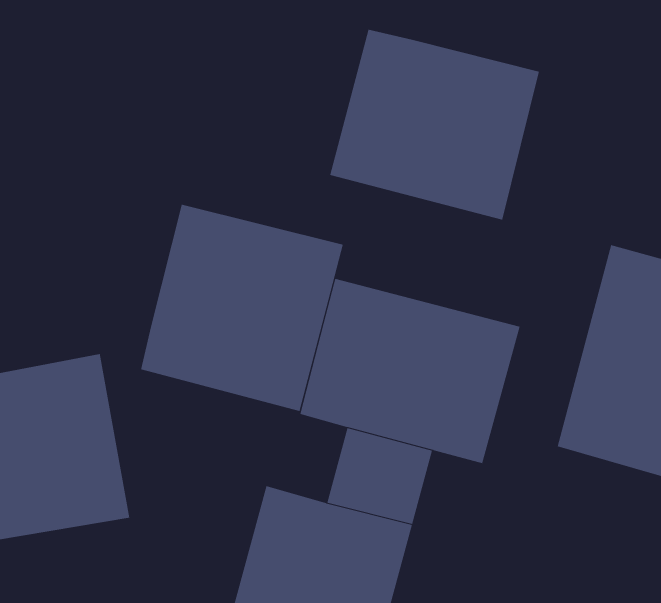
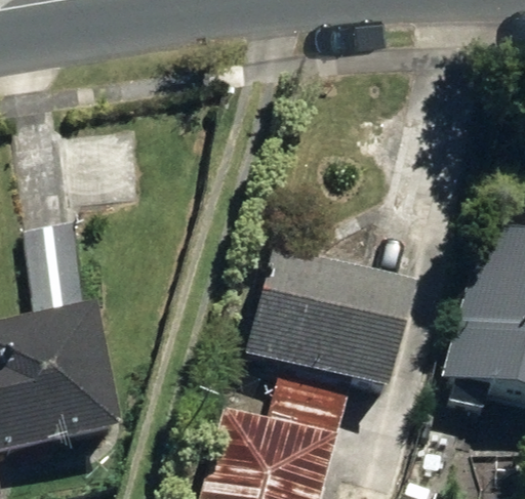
building: [330,29,540,220] -> none
building: [141,204,343,412] -> none

